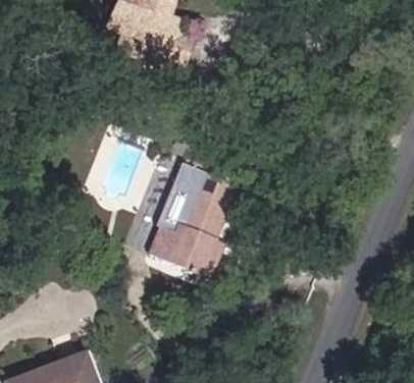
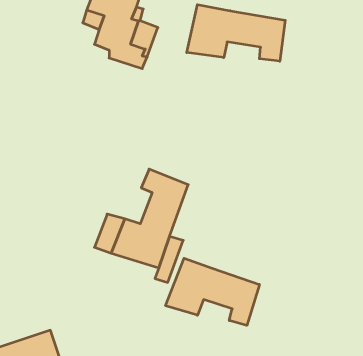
building: none -> [187,5,285,61]
building: none -> [166,258,259,325]

